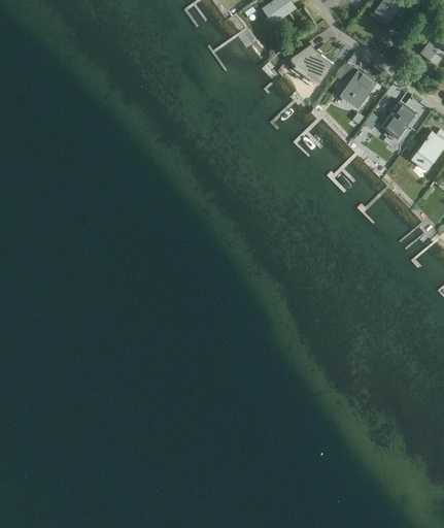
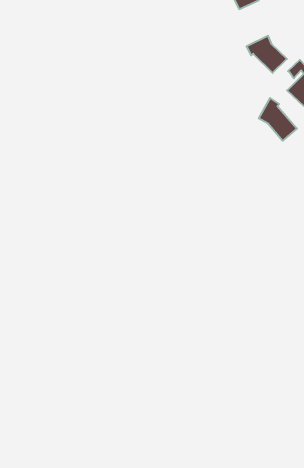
building: none -> [259,98,297,141]

